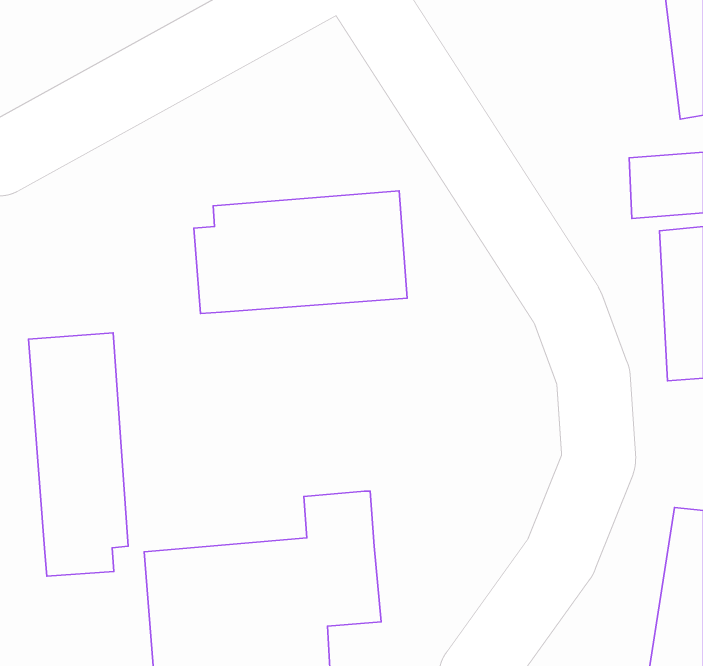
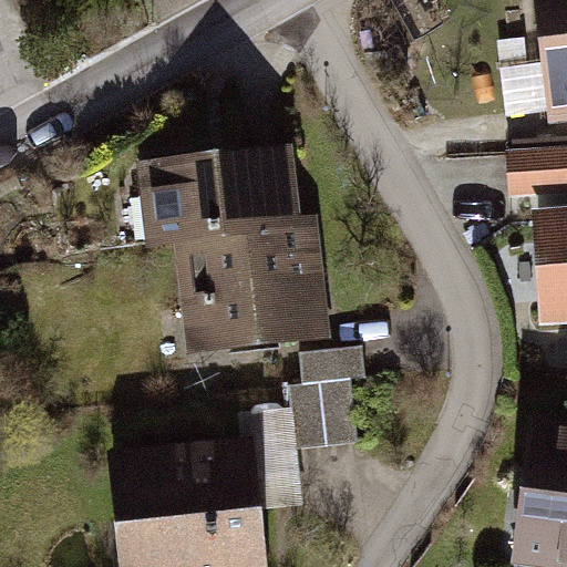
building: none -> [178,258,371,457]
building: [29,333,128,576] -> none

